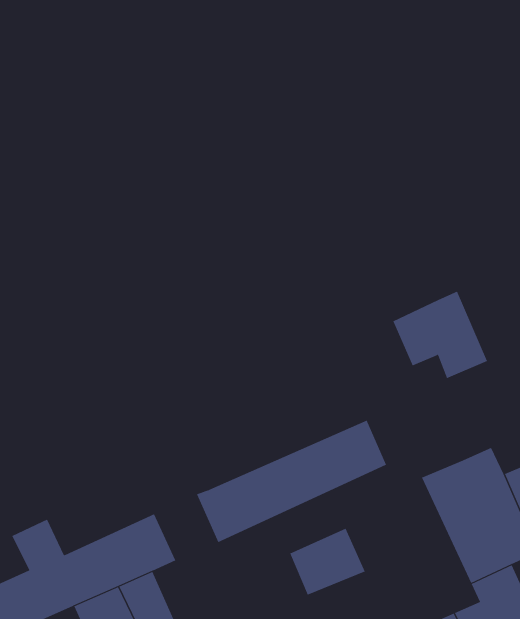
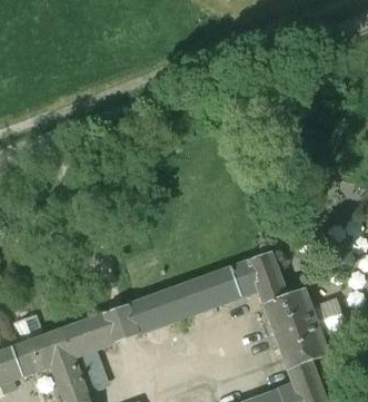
building: [393,291,488,379] -> [232,252,288,304]
building: none -> [101,305,138,344]
building: [289,528,365,596] -> none

